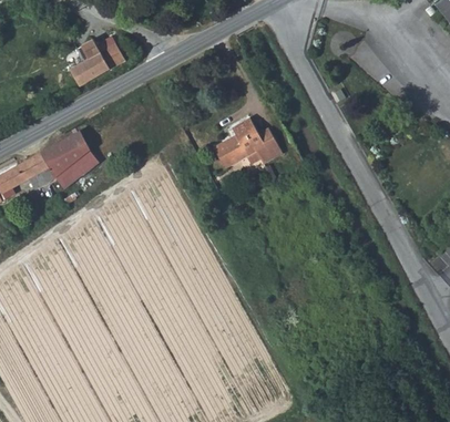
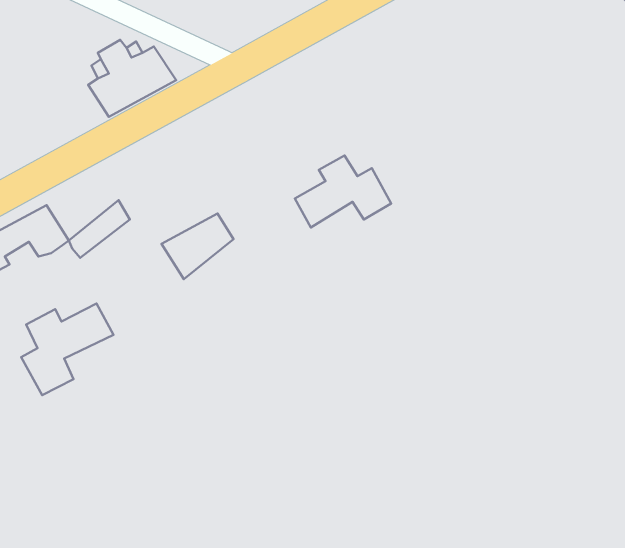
building: [41,131,91,176] -> [161,213,234,279]
building: none -> [21,303,113,395]

